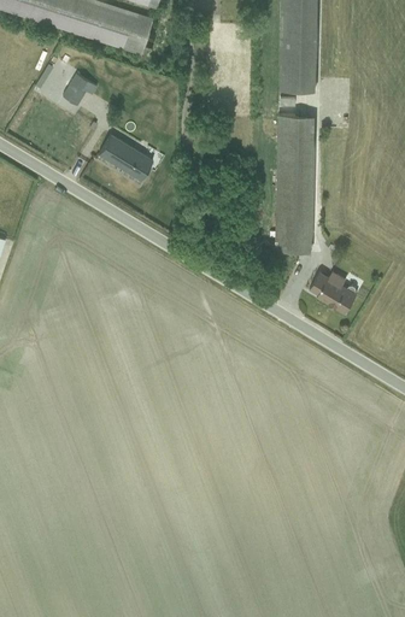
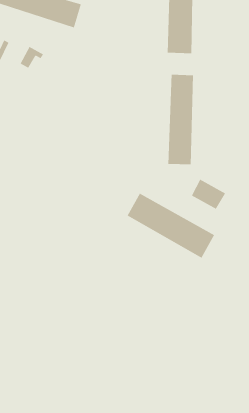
building: [99,134,155,182] -> none
building: none -> [127,193,215,259]

